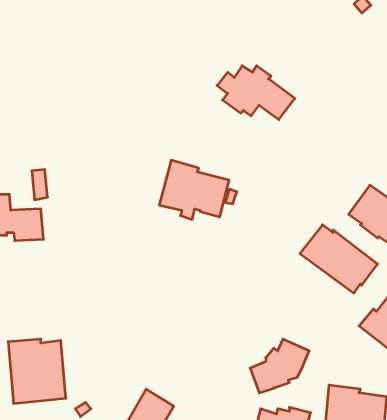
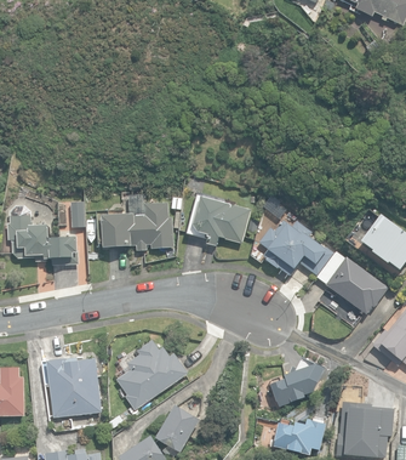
building: [217,66,295,120] -> [259,223,331,273]
building: none -> [101,203,172,251]
building: none -> [115,340,187,410]

